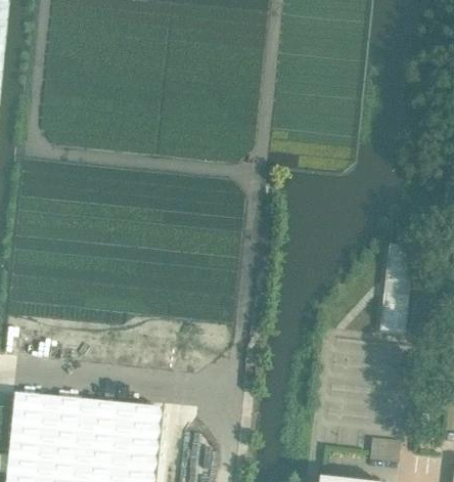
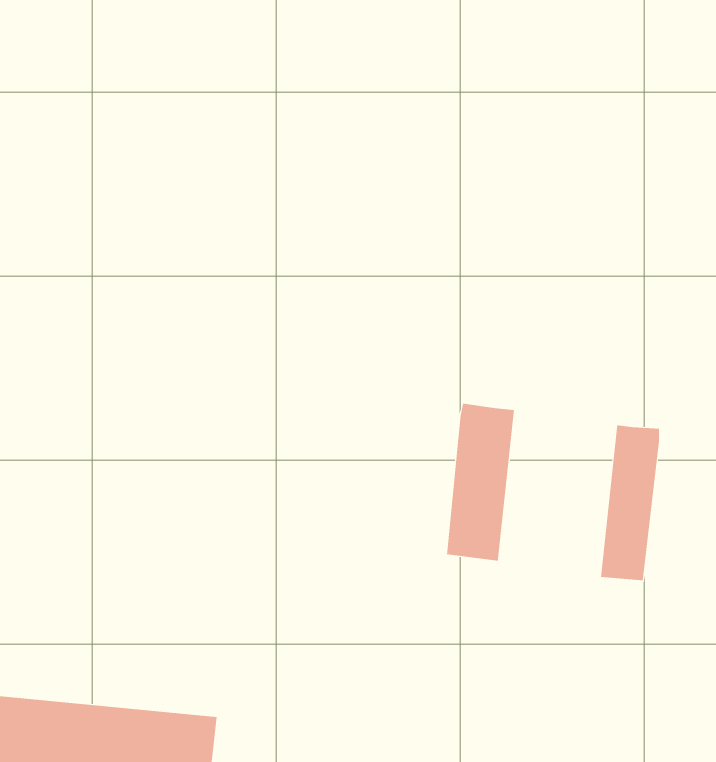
building: none -> [447,403,515,561]

